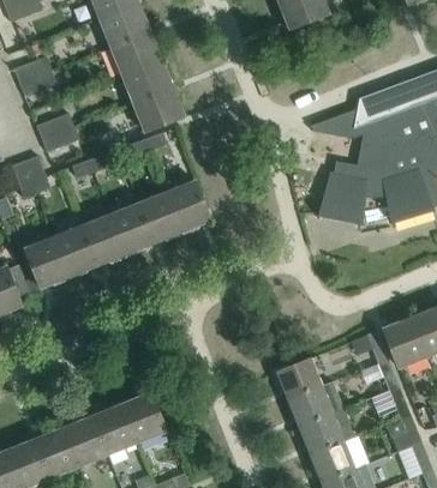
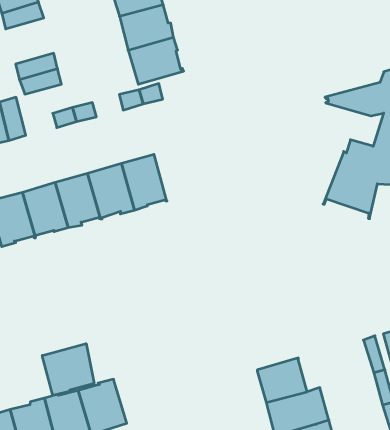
building: [166,180,210,231] -> none
building: none -> [42,344,94,395]

